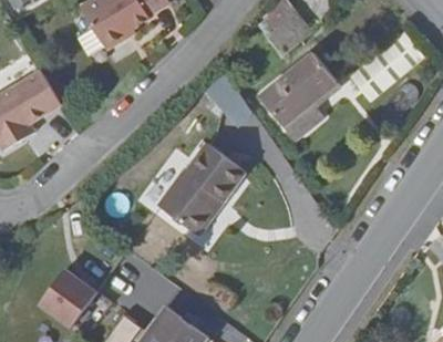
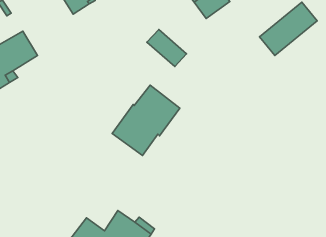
building: [258,51,336,137] -> none
building: [38,270,95,329] -> none

